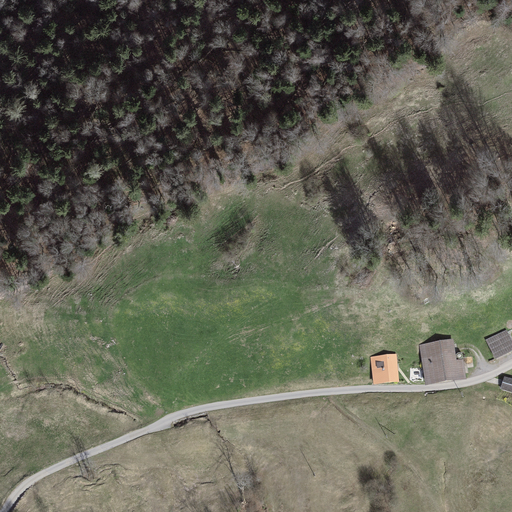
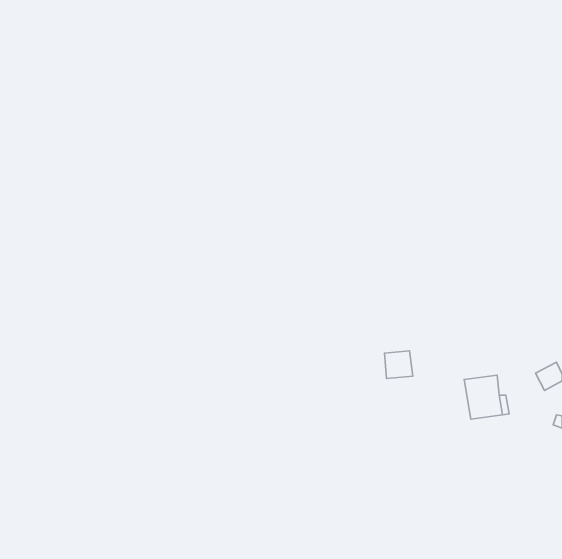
building: [372,355,398,380] -> [384,351,413,378]

